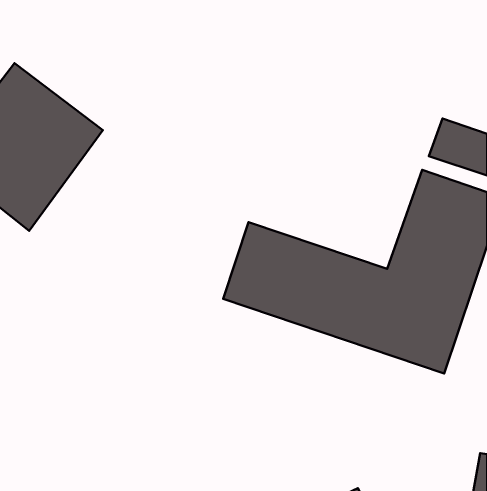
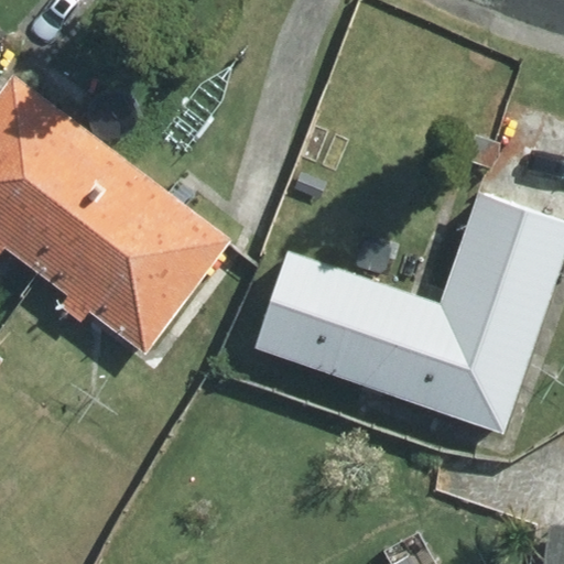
building: none -> [33,153,231,352]

